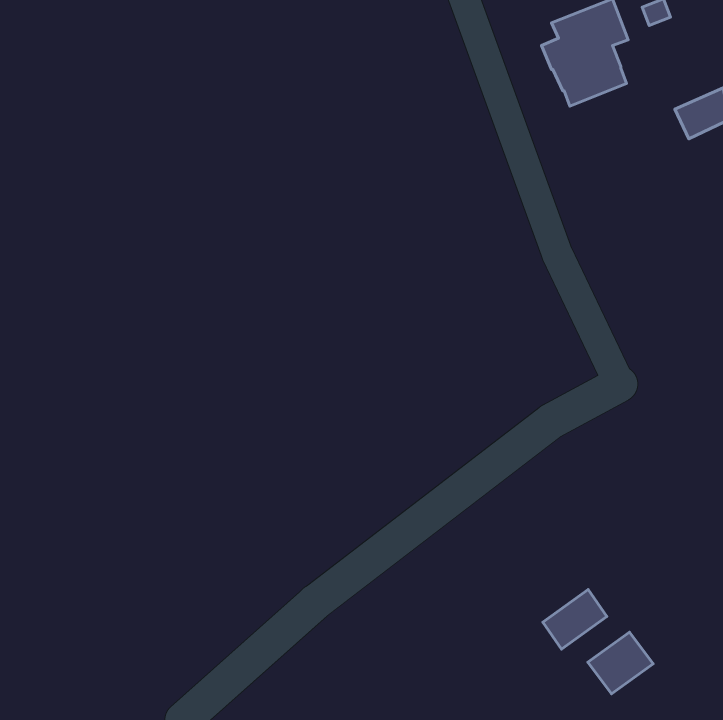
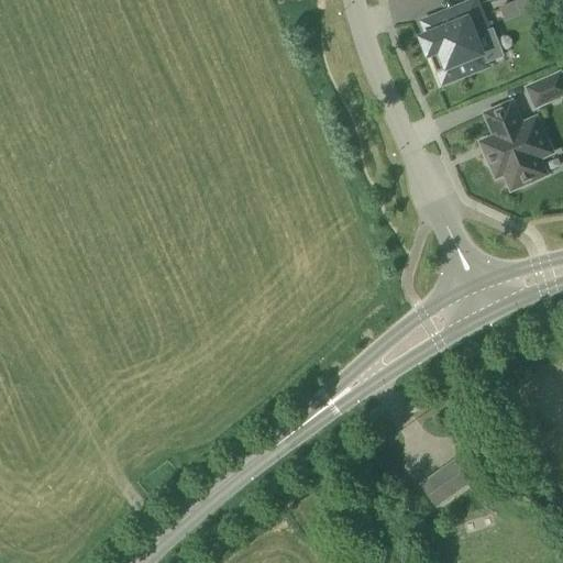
building: none -> [483,103,551,187]
building: [588,632,653,694] -> none

